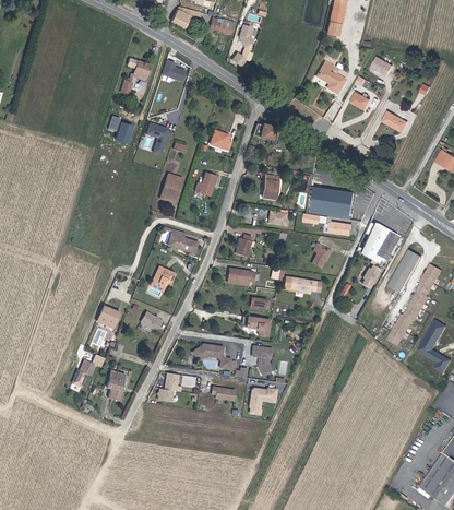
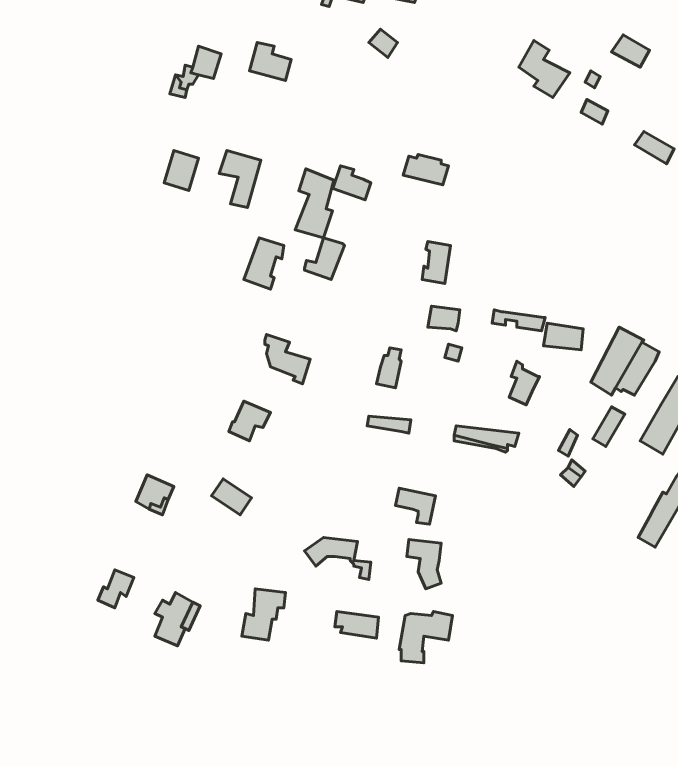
building: none -> [295,169,334,238]
building: [311,189,354,212] -> none

